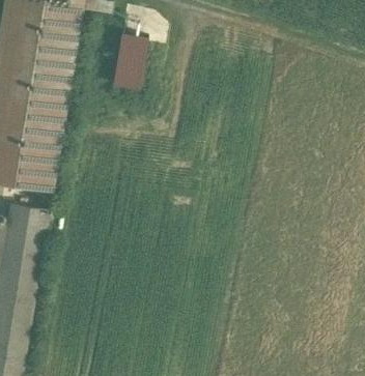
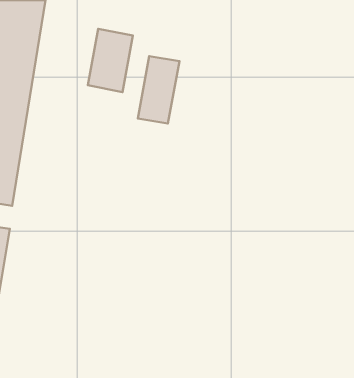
building: none -> [138,56,179,124]

